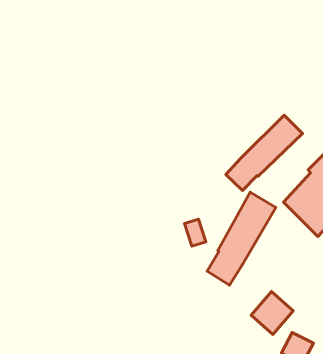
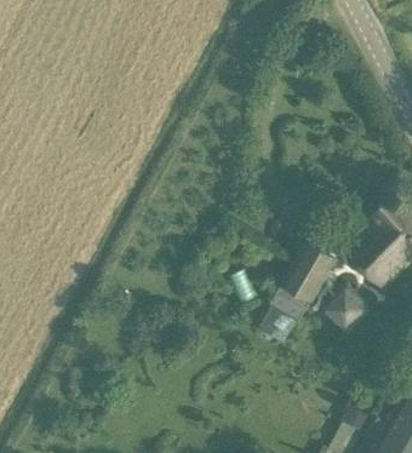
building: [226,115,302,191] -> none
building: [251,292,293,335] -> [325,283,372,332]

